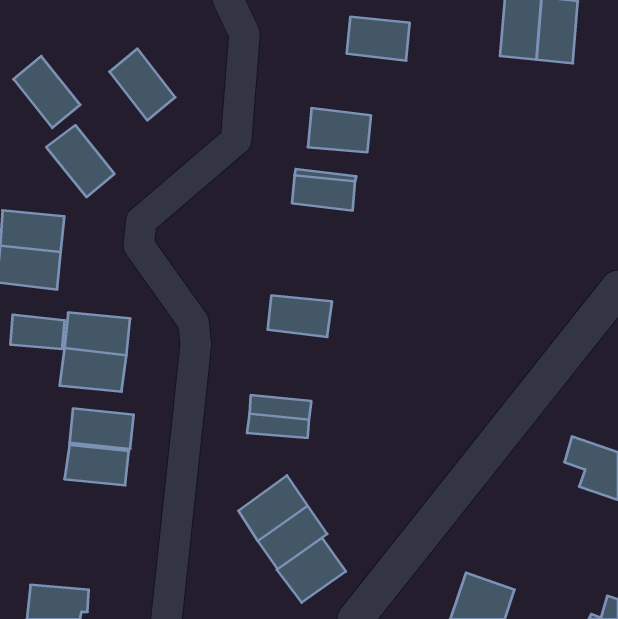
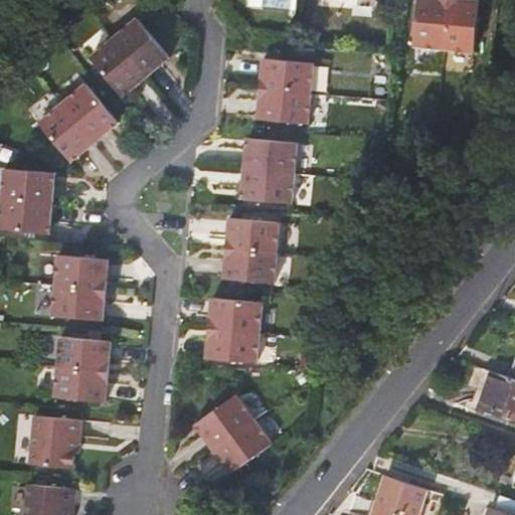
building: [347,17,410,61] -> [258,59,310,96]
building: none -> [114,21,169,80]
building: [13,56,80,128] -> [62,84,118,144]
building: none -> [237,168,292,203]
building: none -> [224,216,278,249]
building: [11,315,65,349] -> none
building: none -> [207,297,261,332]
building: none -> [26,416,78,469]
building: [277,538,346,603] -> none

